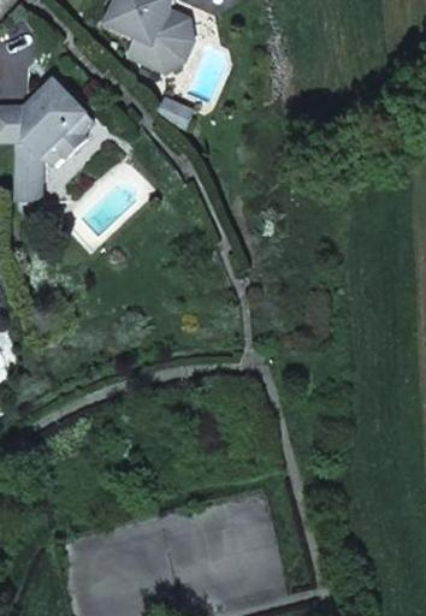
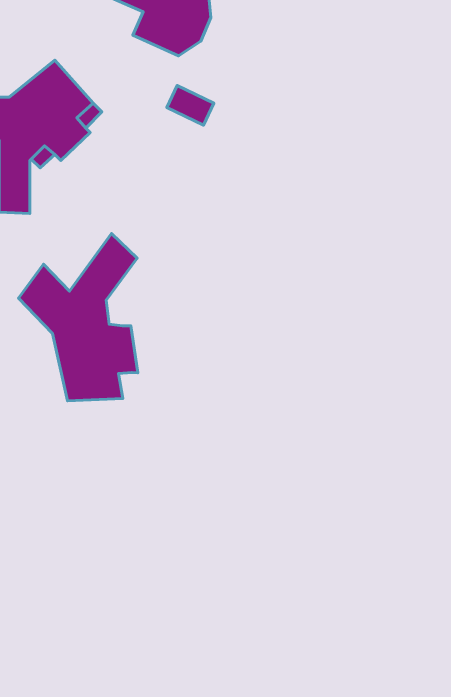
building: none -> [19,234,138,401]

